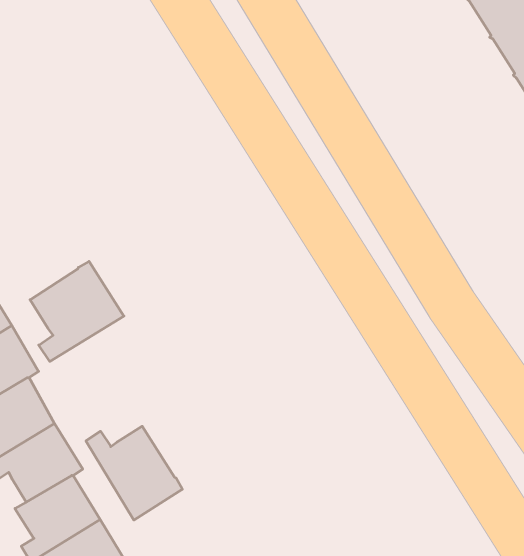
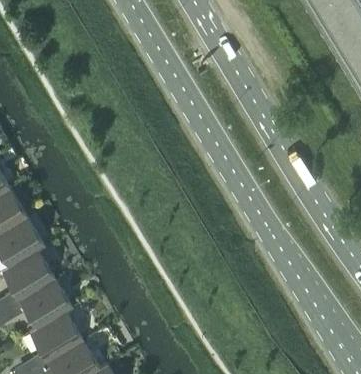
building: [30,261,124,361] -> none
building: [86,426,182,520] -> none

